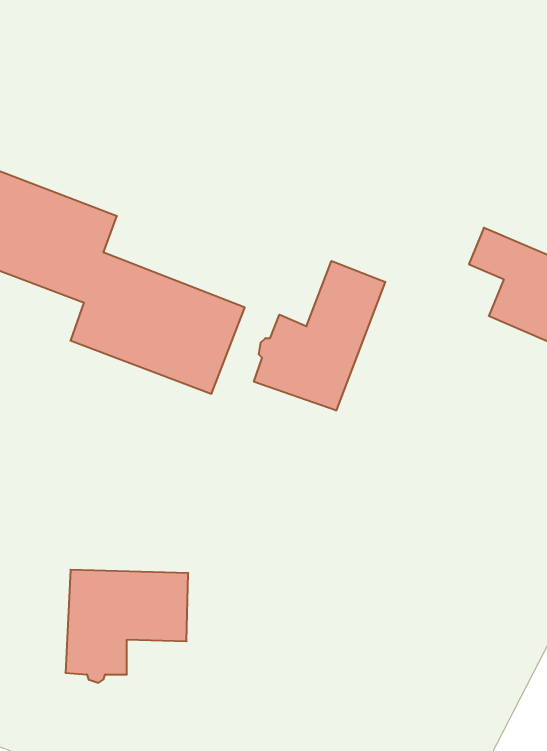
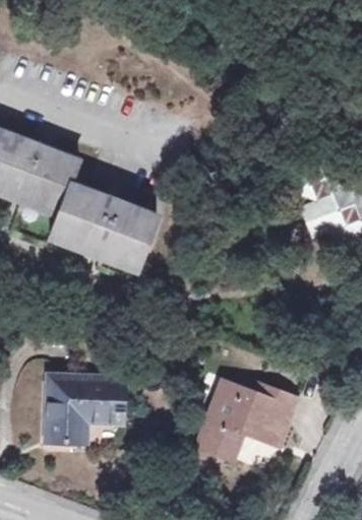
building: [254,261,385,411] -> none
building: none -> [199,384,294,457]

